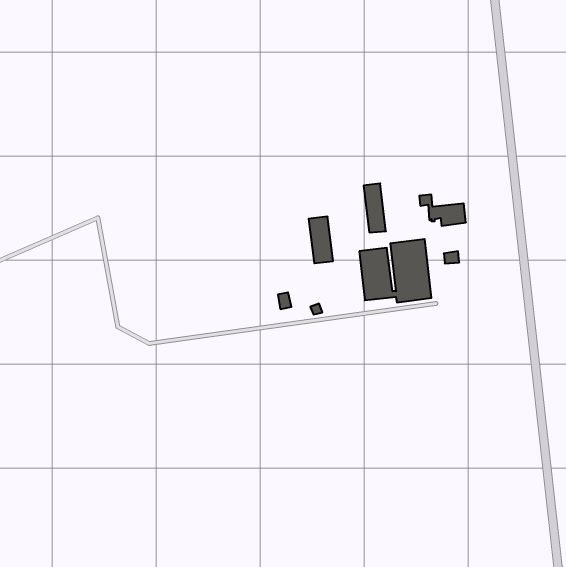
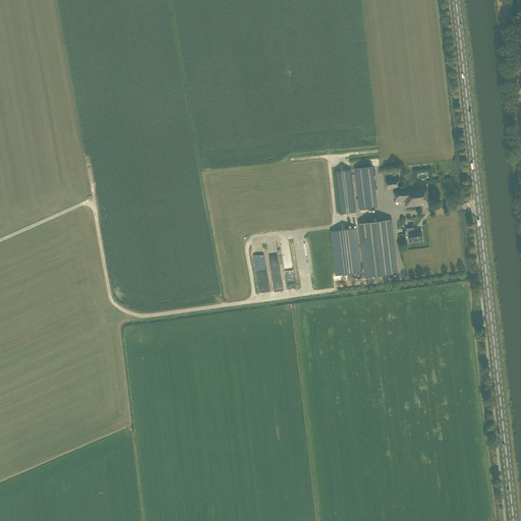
building: [309,217,333,263] -> [353,166,375,209]

